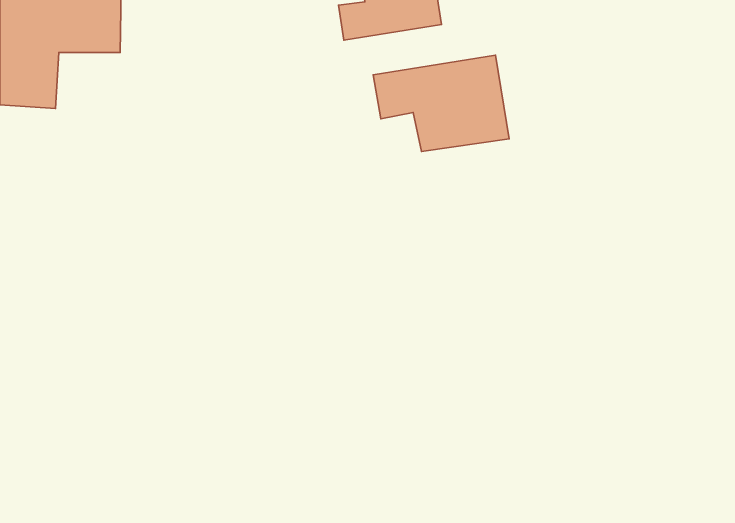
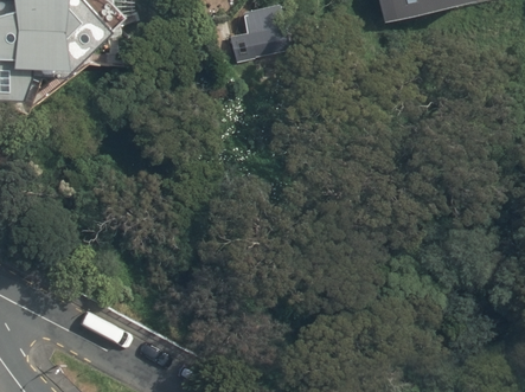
building: [373,55,509,152] -> none

